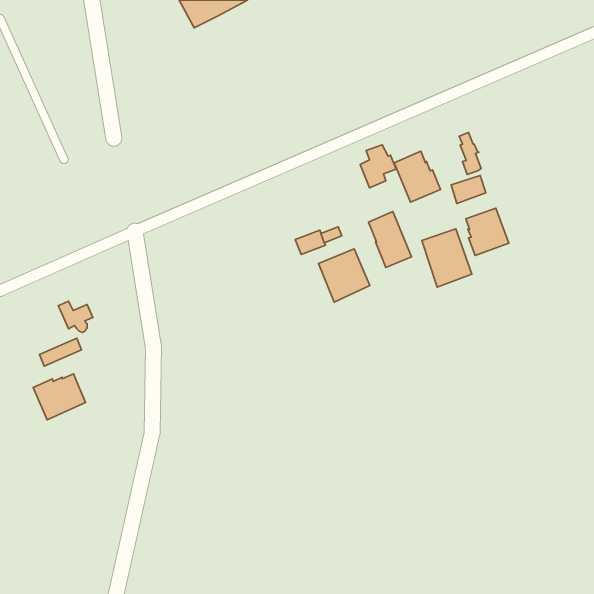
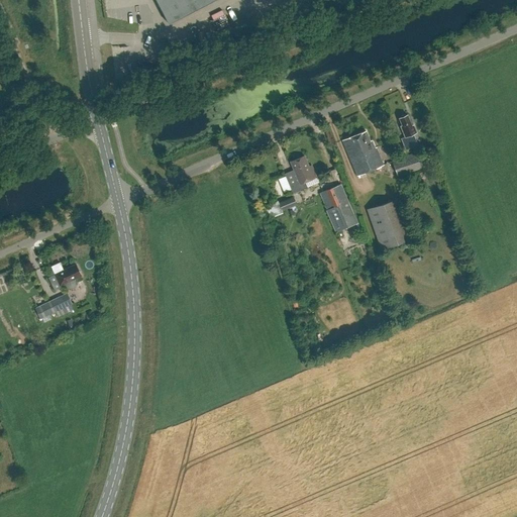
building: [360,145,396,188] -> [285,157,316,194]
building: [466,208,509,255] -> none
building: [318,249,370,302] -> none
building: [33,374,86,420] -> none

